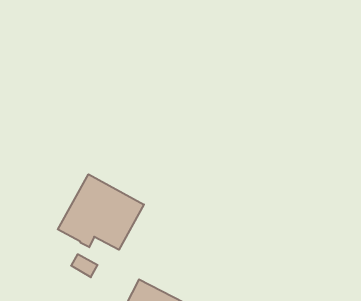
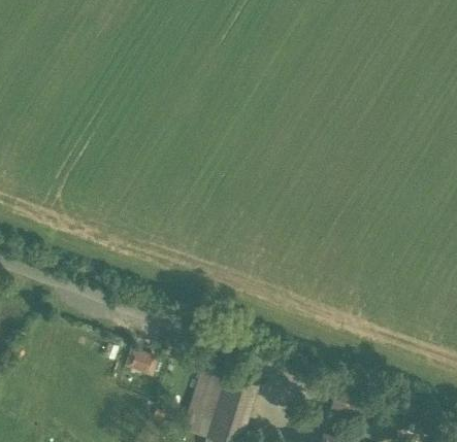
building: [58,174,144,250] -> none

